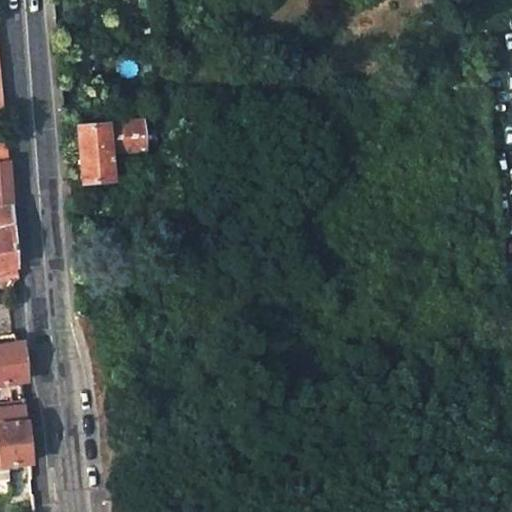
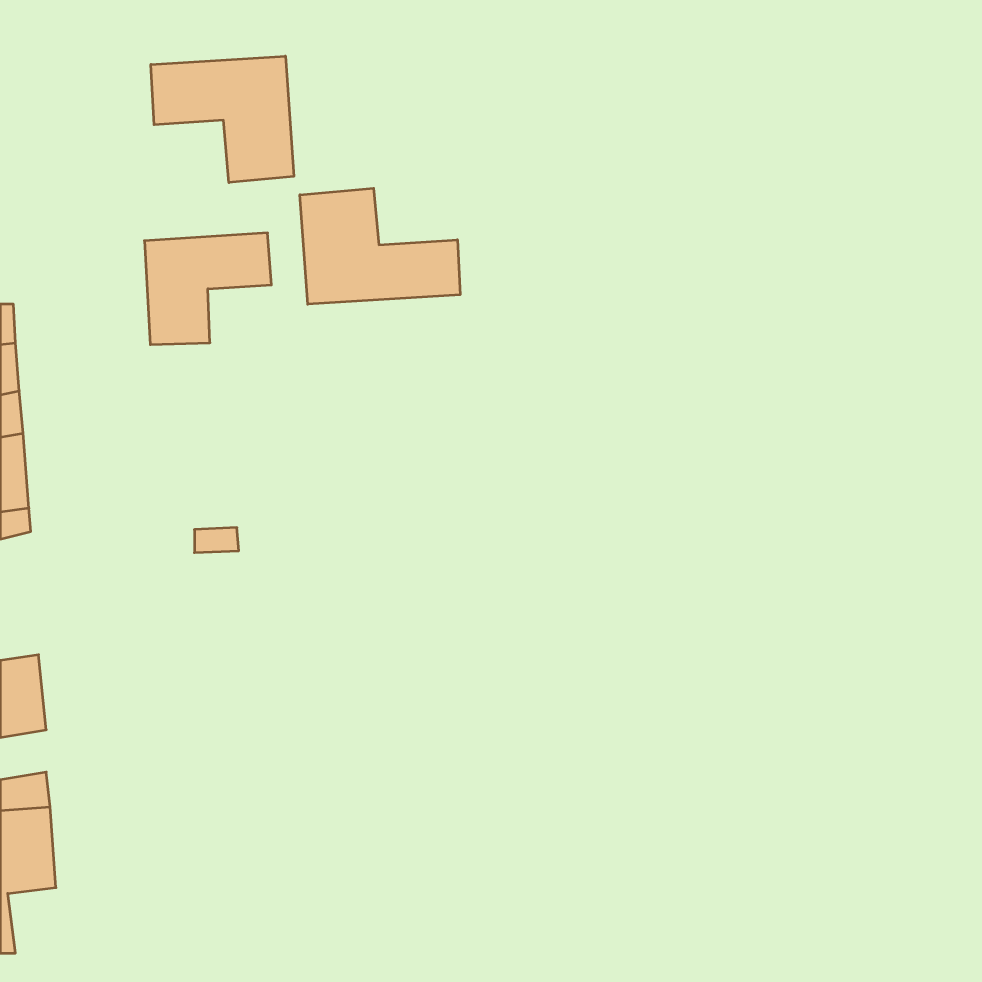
building: none -> [151,56,294,183]
building: none -> [300,188,460,304]

